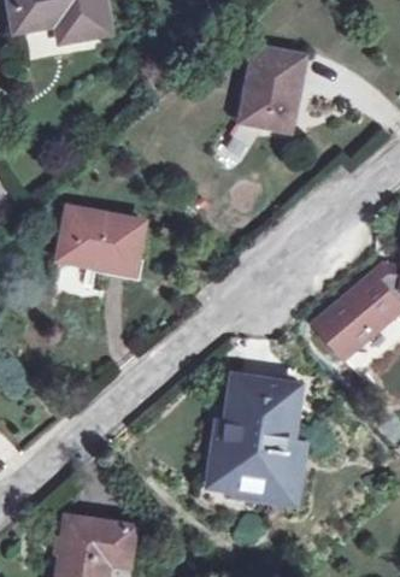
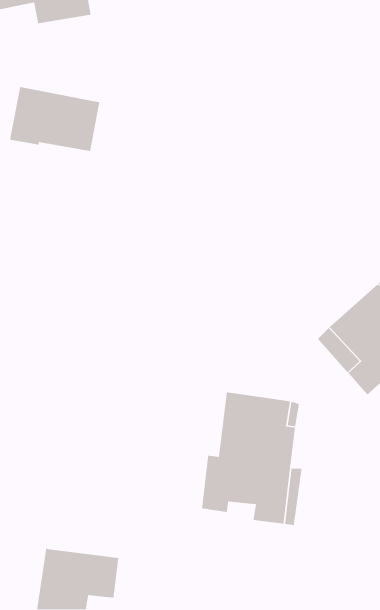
building: [240,47,299,130] -> none
building: [59,207,142,267] -> [9,86,100,152]

